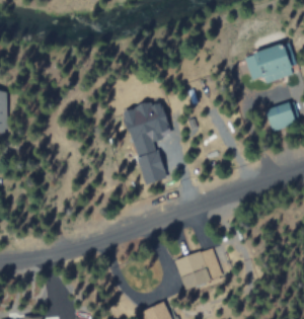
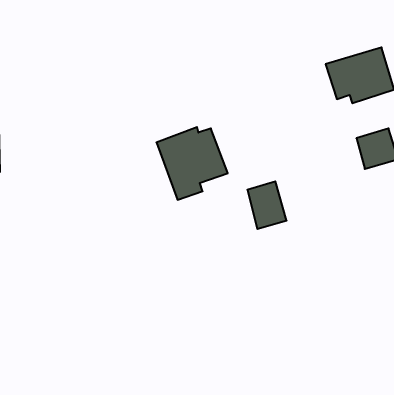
building: [139,151,167,185] -> [247,181,287,229]
building: [175,248,221,290] -> none

